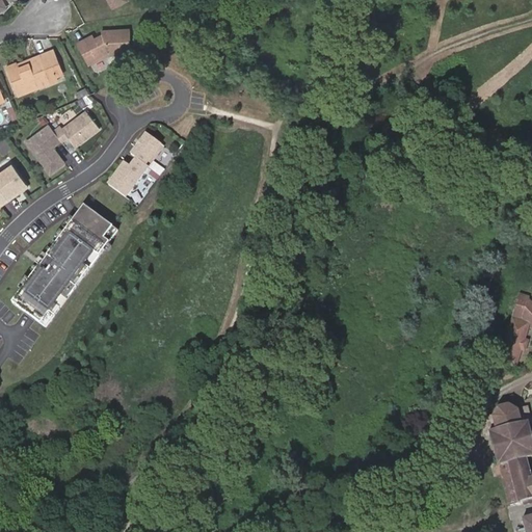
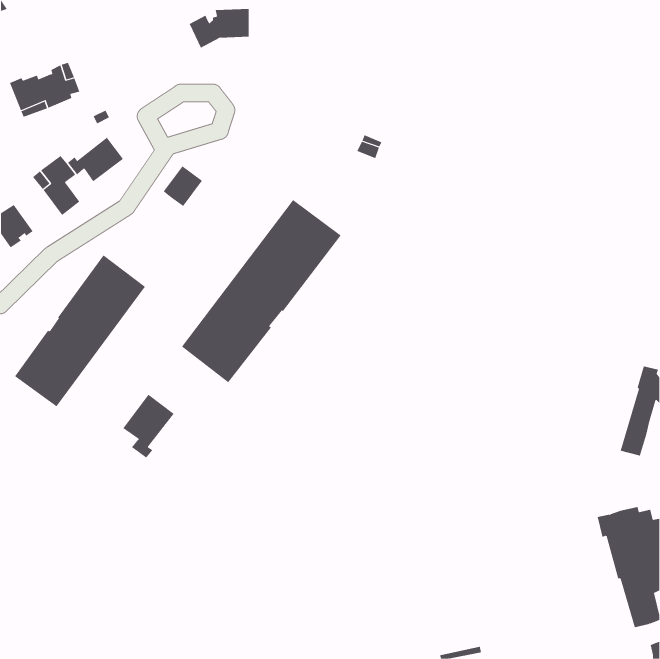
building: [79,28,128,60] -> [189,8,250,48]
building: [108,158,148,196] -> none
building: none -> [181,199,342,383]
building: none -> [123,394,174,459]

